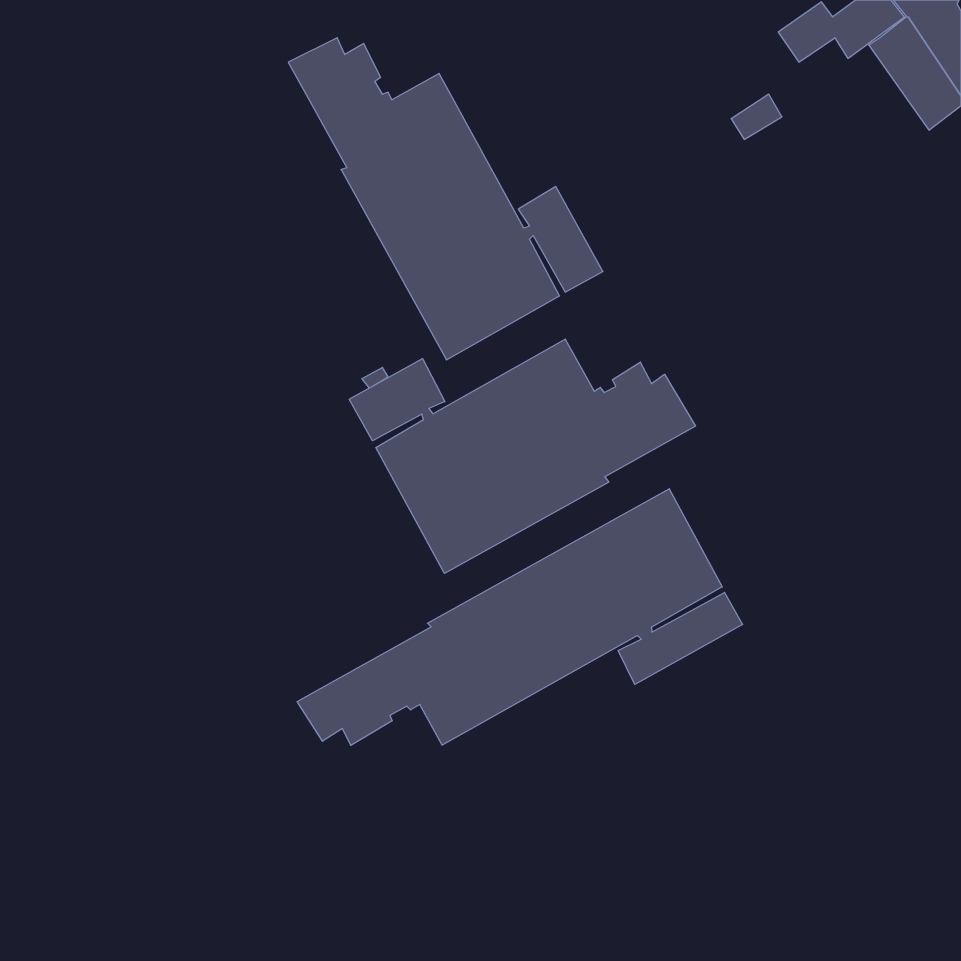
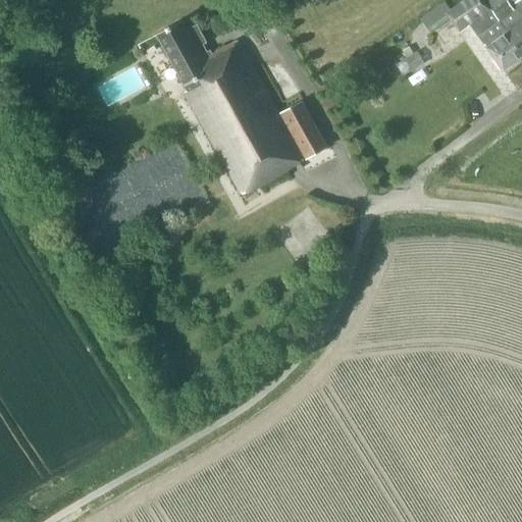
building: [349,339,696,573] -> none
building: [297,489,743,745] -> none

